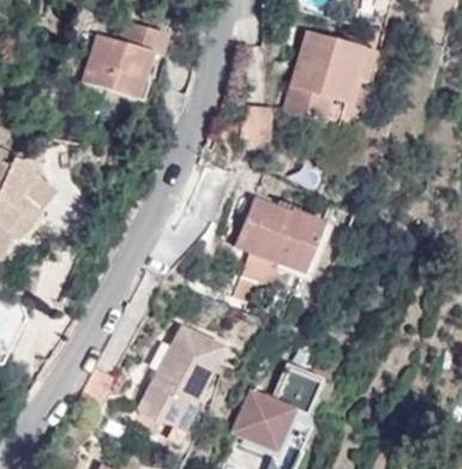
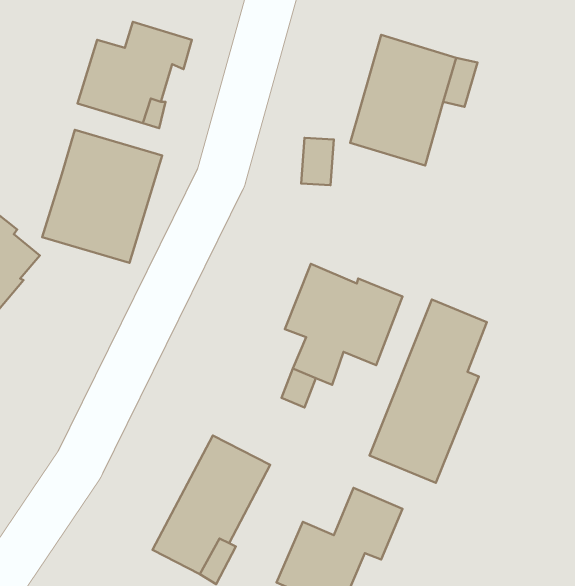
building: none -> [42,130,162,263]
building: none -> [370,300,487,483]

